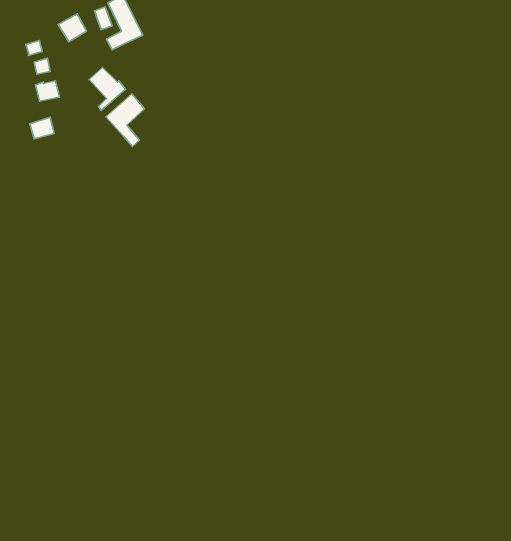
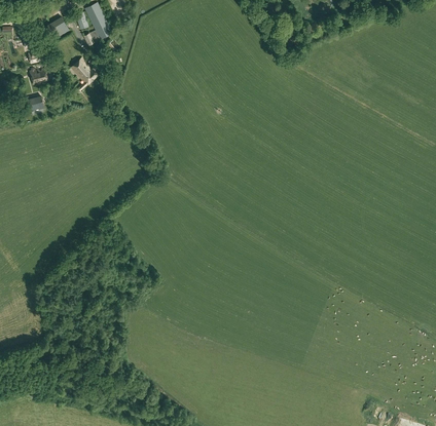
building: [106,94,144,146] -> none

